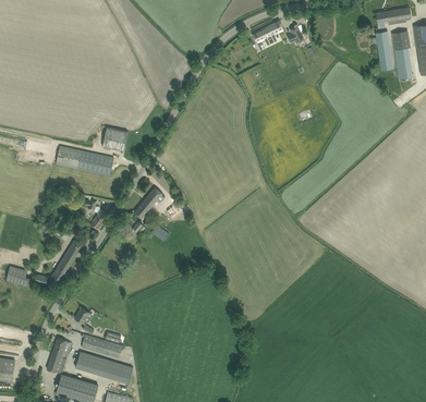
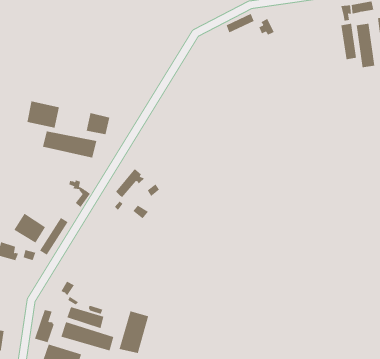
building: none -> [27,101,59,128]
building: none -> [14,213,46,243]
building: none -> [119,311,149,354]

